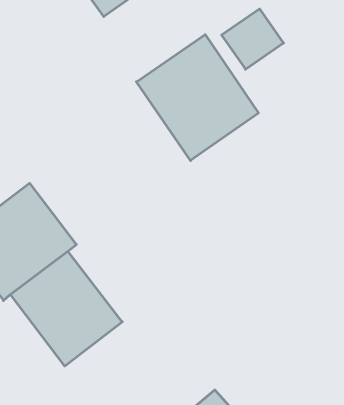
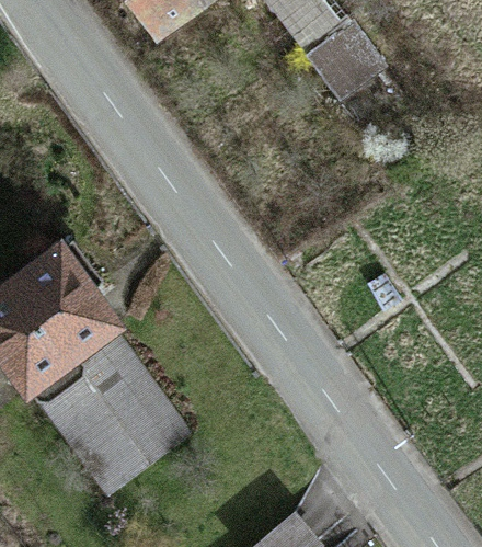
building: [136,35,258,161] -> none

